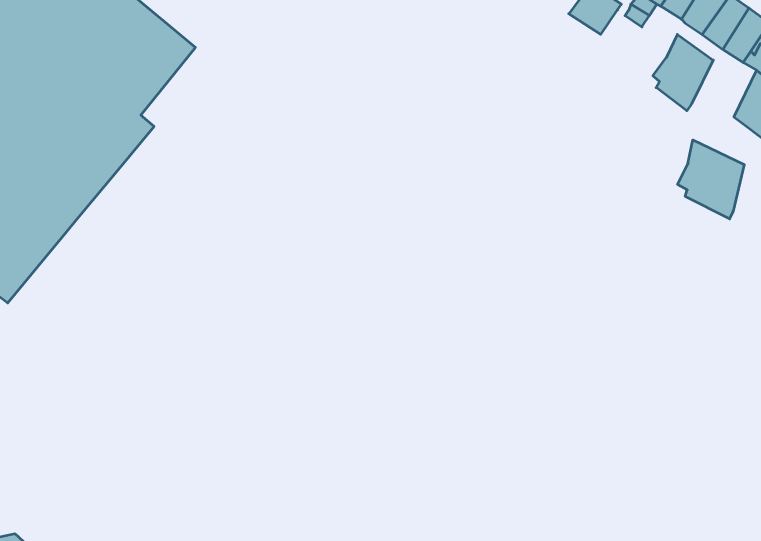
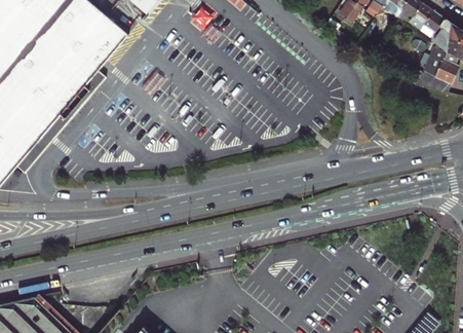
building: [653,34,713,111] -> none
building: [678,140,744,219] -> none

